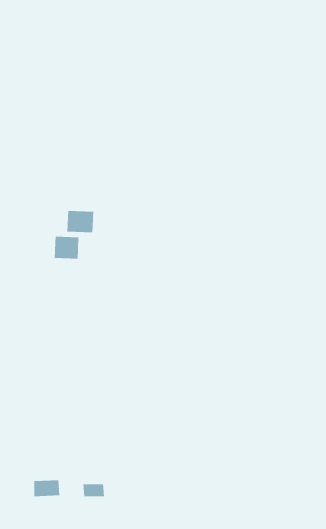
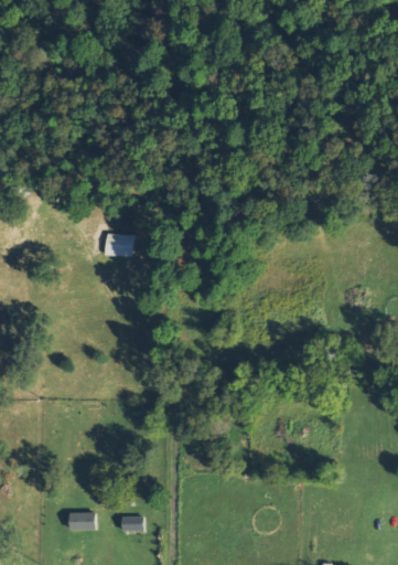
building: [54,236,79,259] -> none

